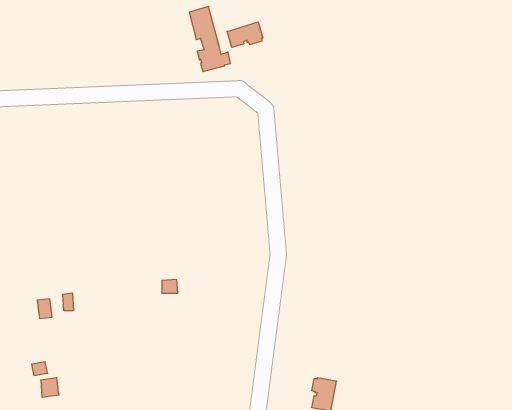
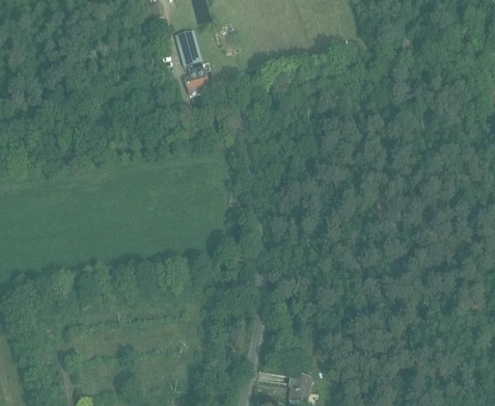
building: [227,22,263,47] -> none

